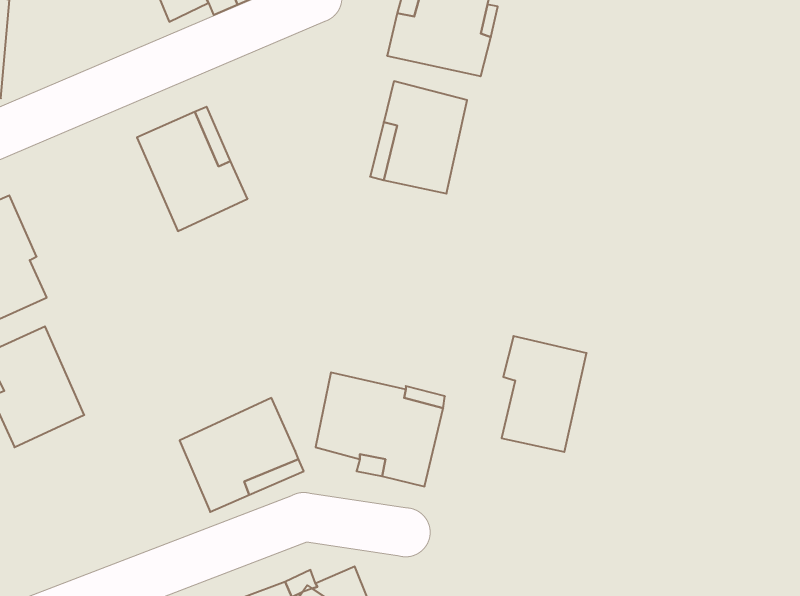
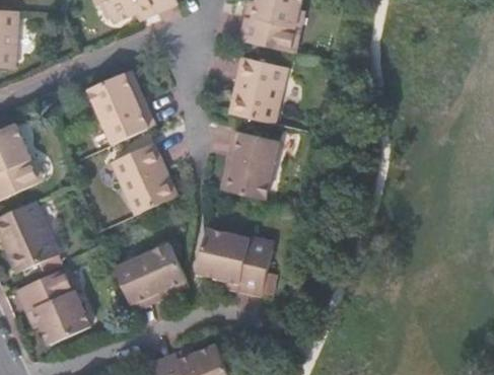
building: none -> [113,145,170,216]
building: [502,336,587,452] -> [229,132,280,201]
building: none -> [17,273,92,349]

